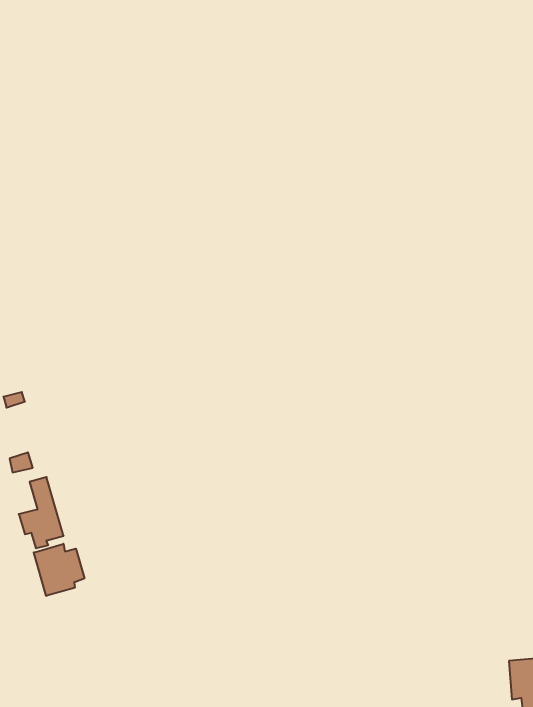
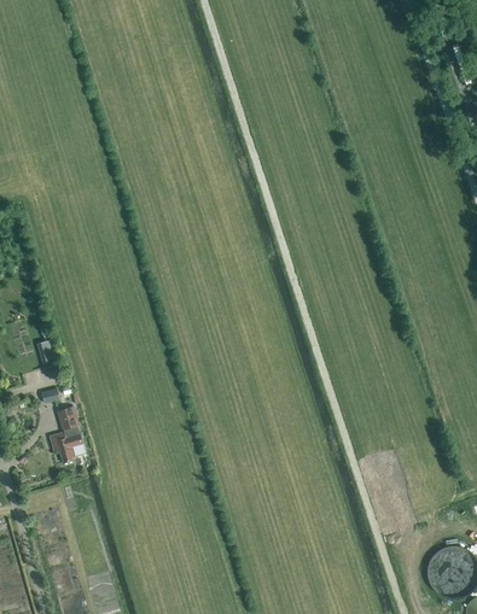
building: [34,544,84,596] -> none

